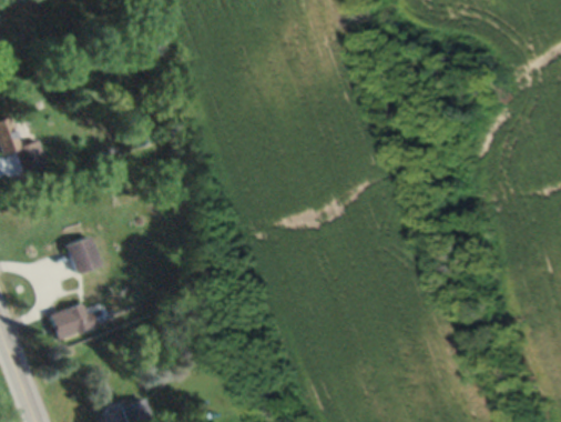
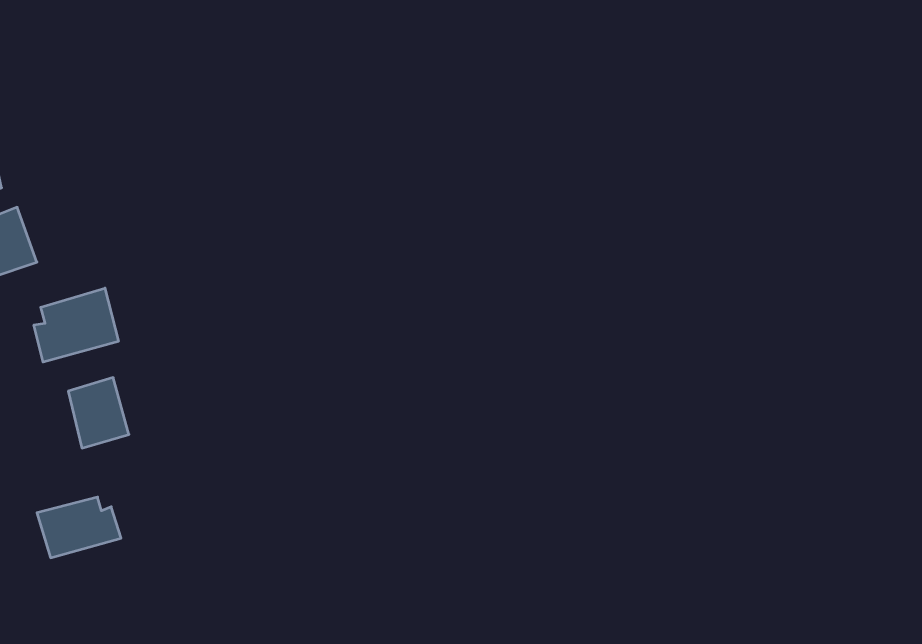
building: none -> [34,288,118,362]

